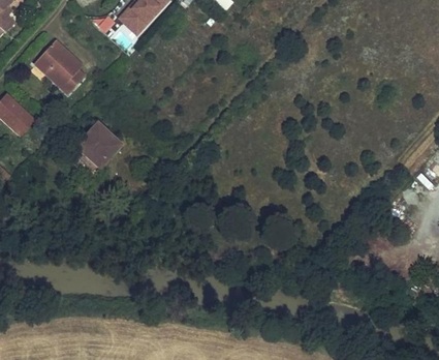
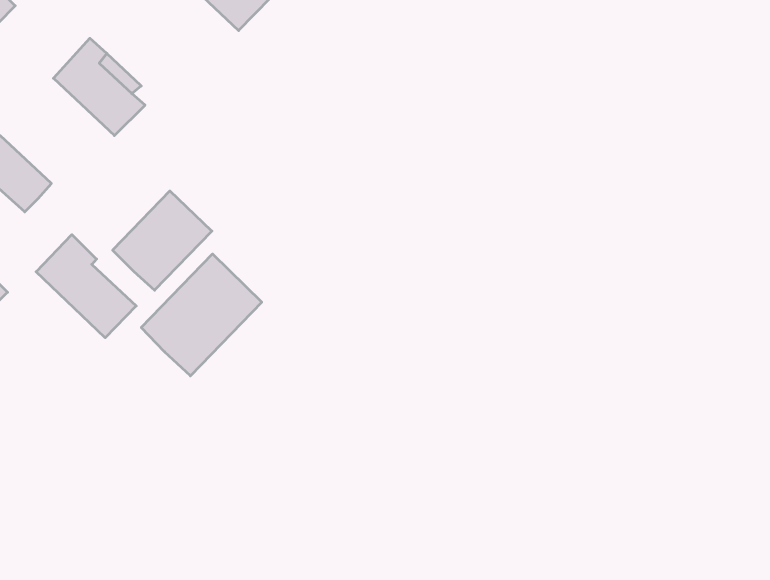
building: none -> [36,235,136,338]
building: none -> [141,254,262,376]

